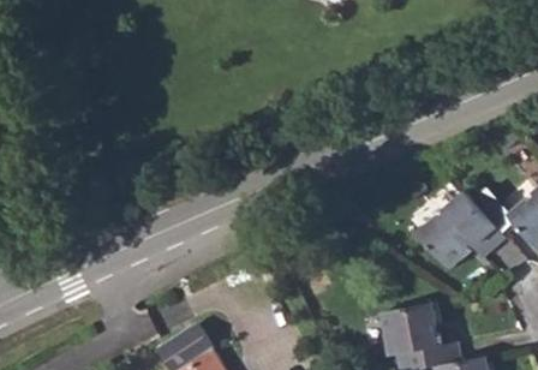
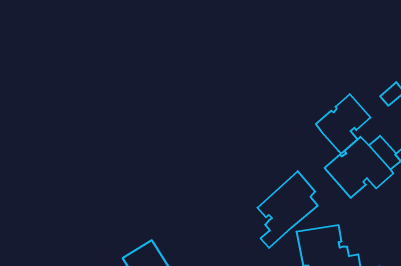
building: none -> [316,94,371,154]
building: none -> [257,171,318,248]

